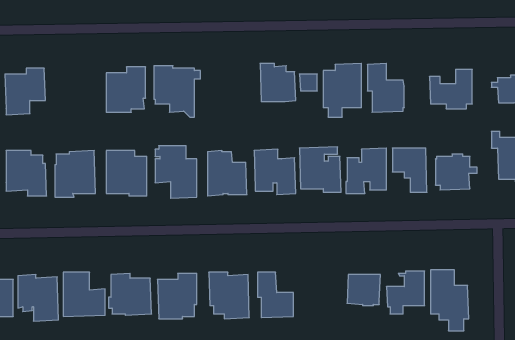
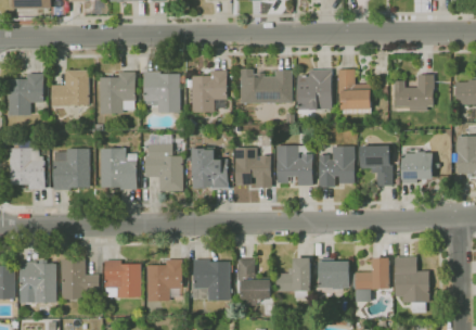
building: none -> [51,69,89,105]
building: none -> [185,69,228,112]
building: none -> [275,257,310,297]

